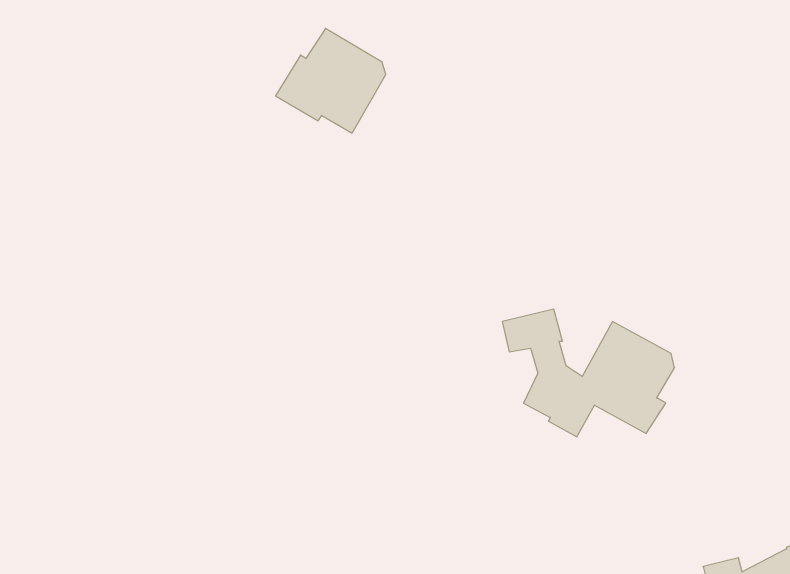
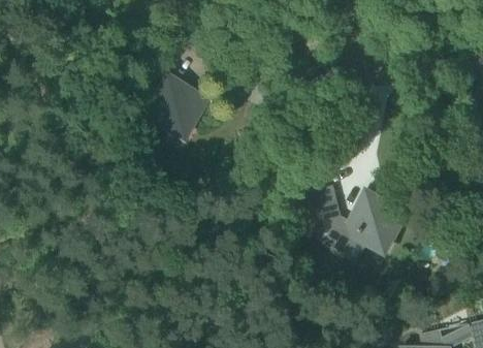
building: [276,28,386,133] -> [139,76,203,137]

